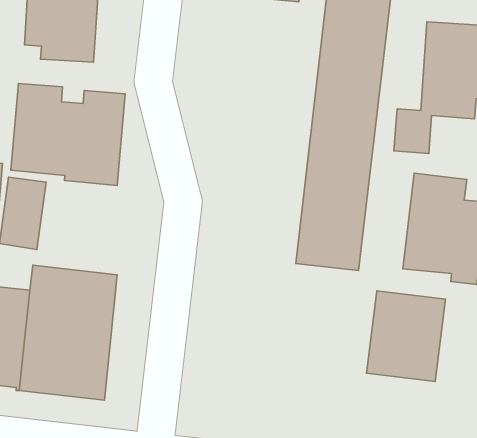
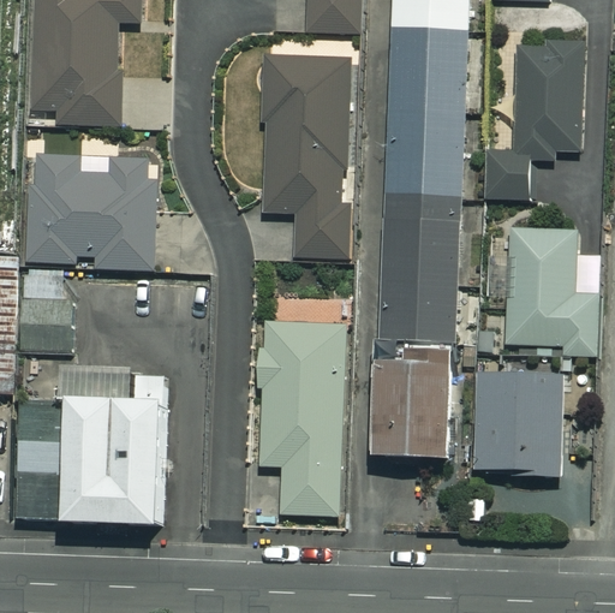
building: none -> [263,56,350,257]
building: none -> [259,321,346,514]
building: none -> [374,345,454,459]

